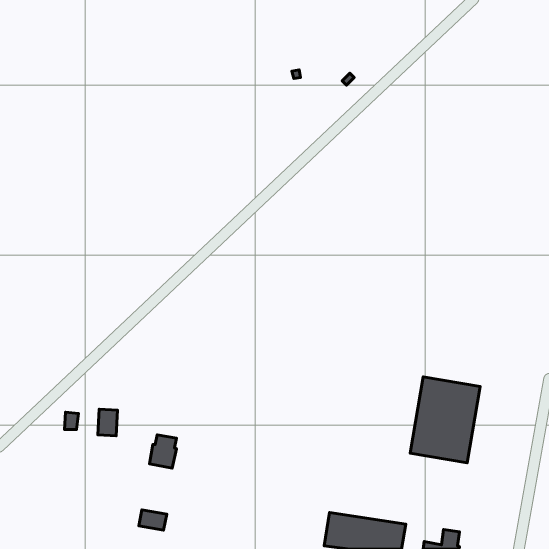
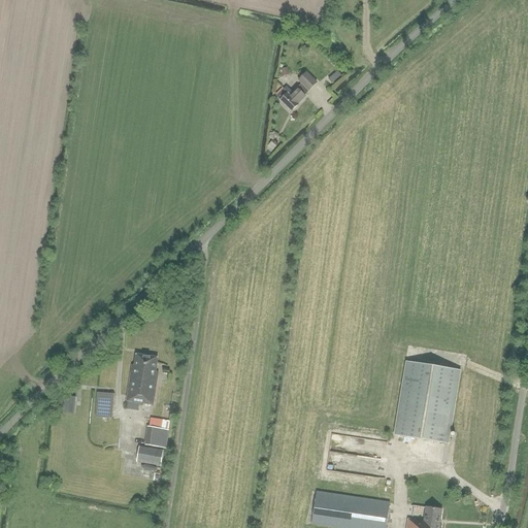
building: none -> [276,73,316,111]
building: none -> [126,354,158,405]
building: [139,510,167,530] -> [136,446,163,465]

